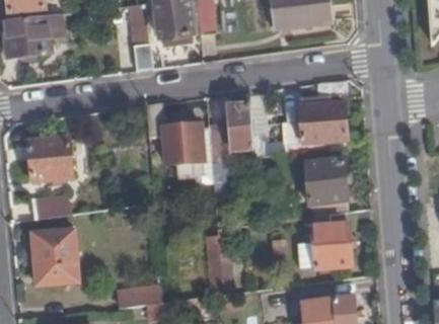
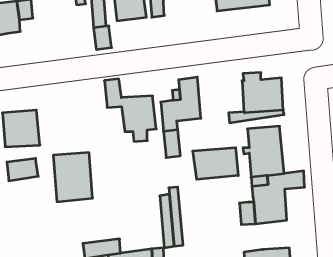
building: none -> [193,148,238,179]
building: [33,228,78,284] -> [53,153,93,202]

